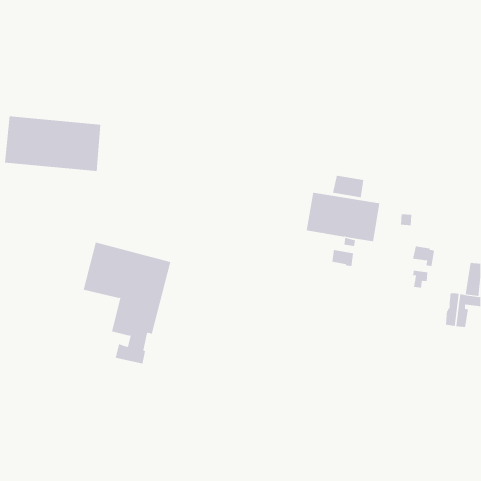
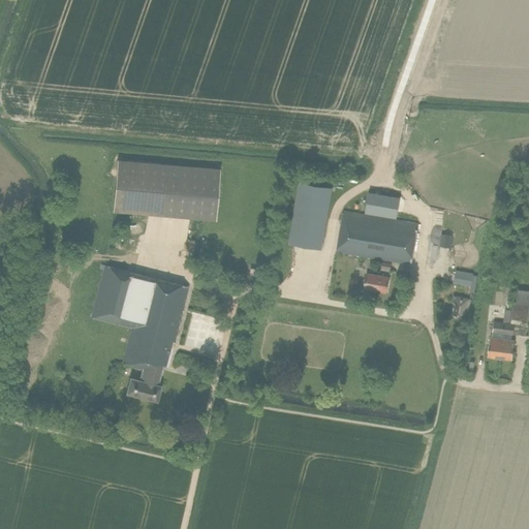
building: [4,116,101,171] -> [113,159,219,220]
building: none -> [287,182,332,249]

